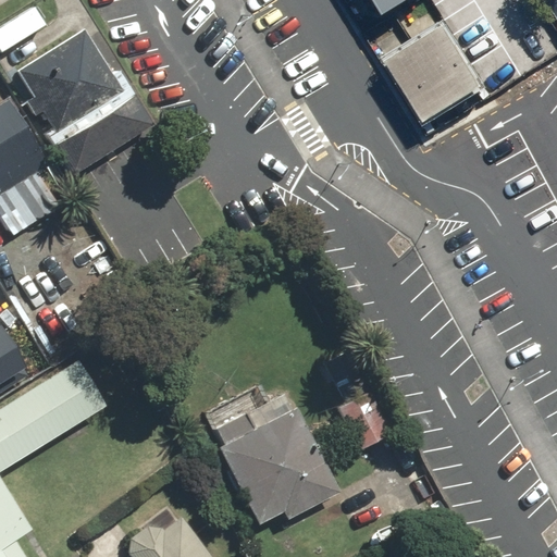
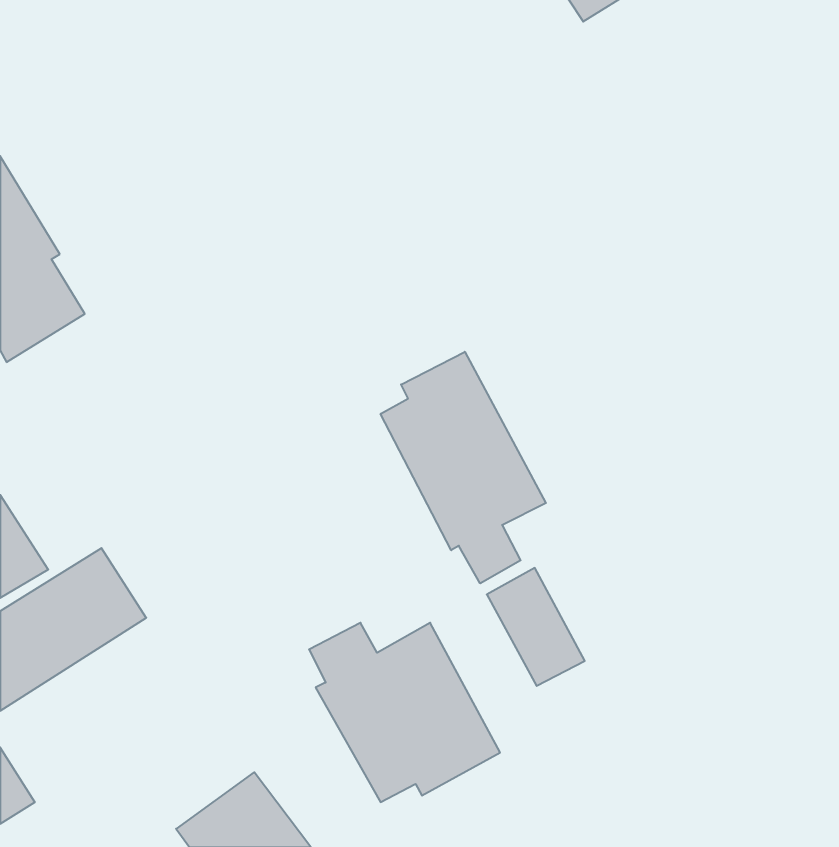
building: [14,27,146,176] -> none
building: [385,27,482,125] -> none
building: none -> [381,352,546,583]

